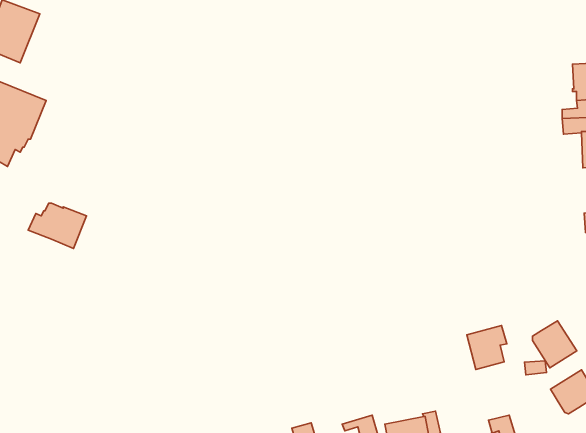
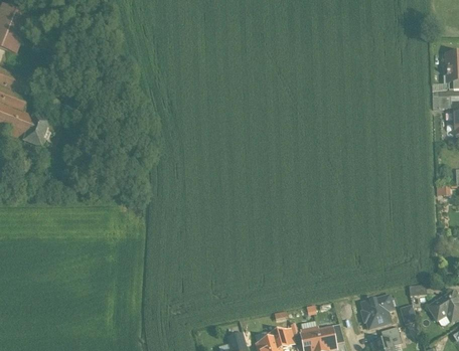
building: [28,203,86,248] -> [6,112,51,147]
building: [532,321,577,368] -> none
building: [467,326,507,370] -> [361,294,393,328]

